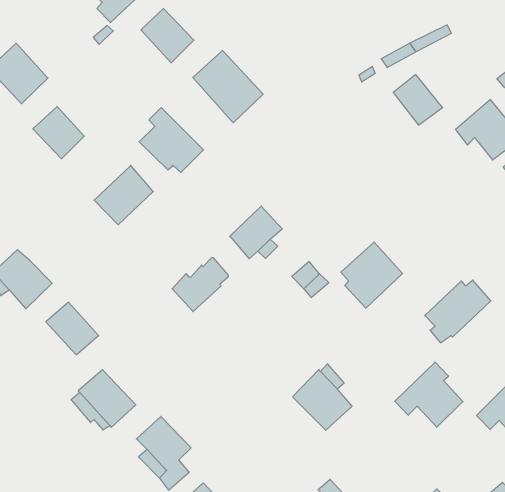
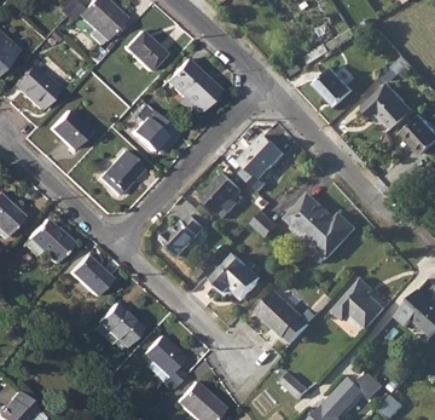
building: none -> [239,136,284,179]
building: [425,280,491,343] -> [307,214,355,263]
building: none -> [211,253,261,299]

